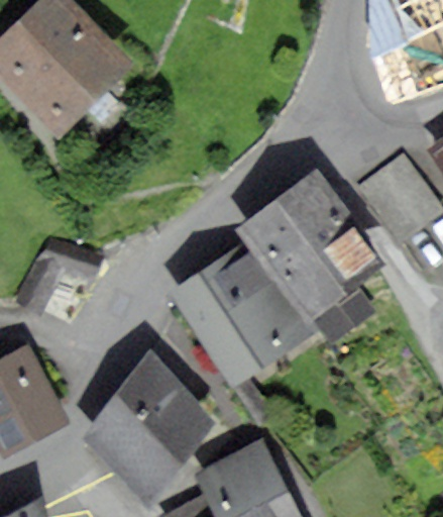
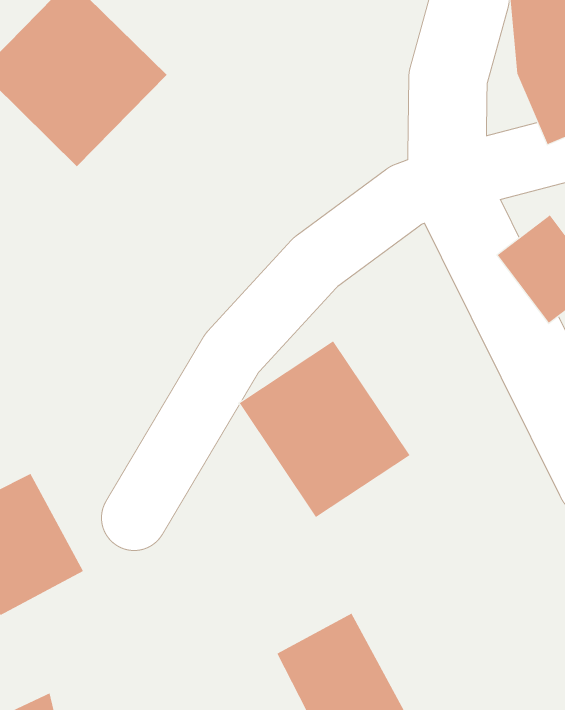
building: [251,176,380,309] -> none
building: [86,361,210,486] -> none

